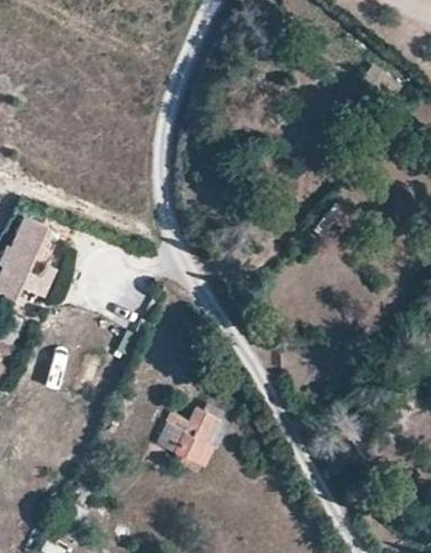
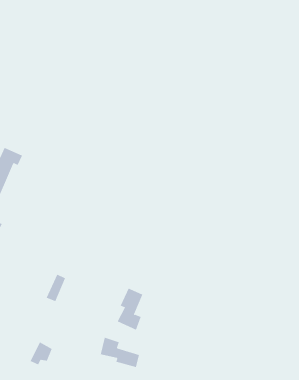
building: none -> [100,337,139,368]

